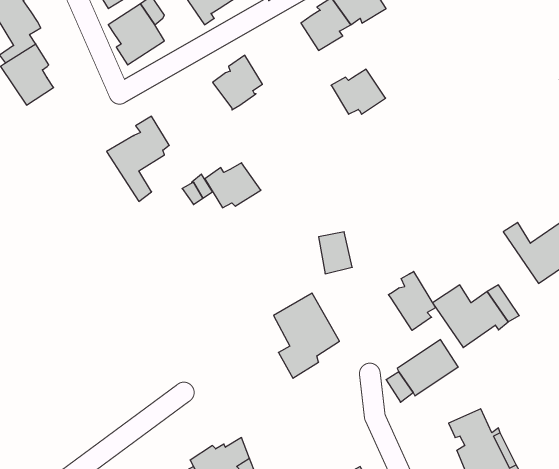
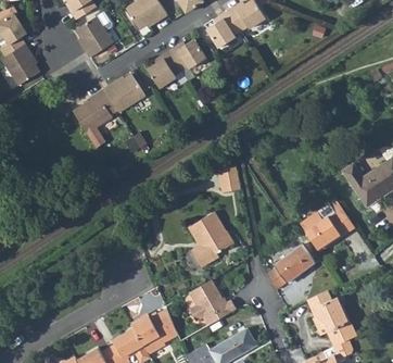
building: [331,69,386,114] -> [168,39,205,70]
building: [205,163,261,208] -> [105,80,143,111]
building: [388,271,436,330] -> none
building: none -> [189,280,236,325]

